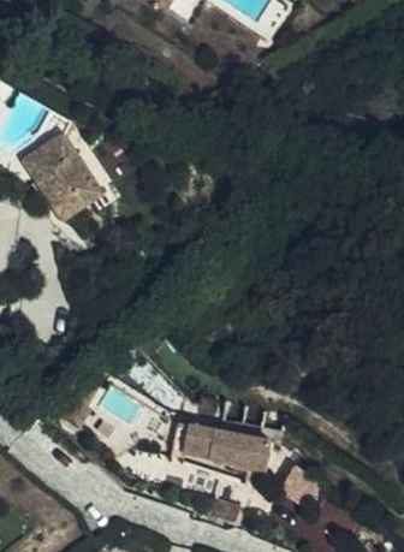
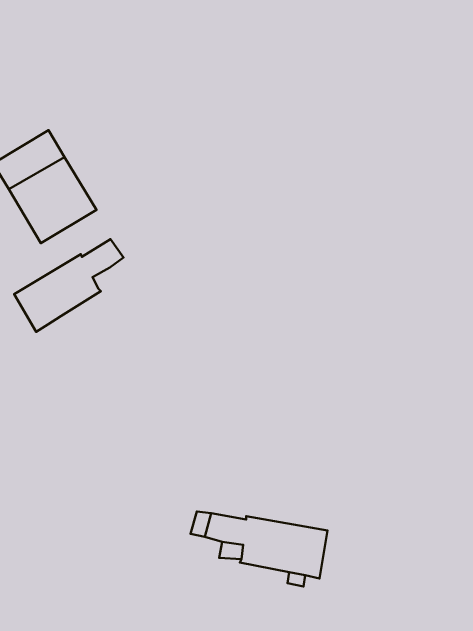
building: none -> [14,239,124,332]

